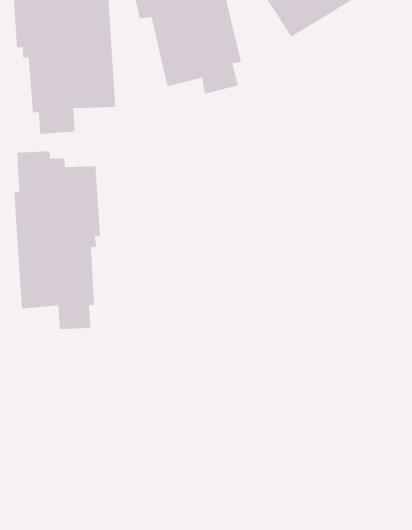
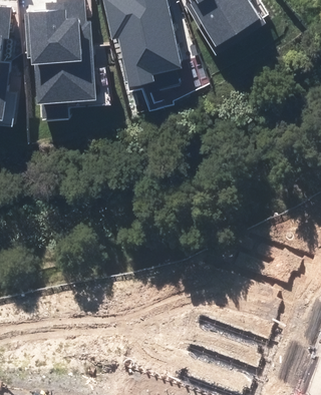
building: [14,151,100,330] -> none

